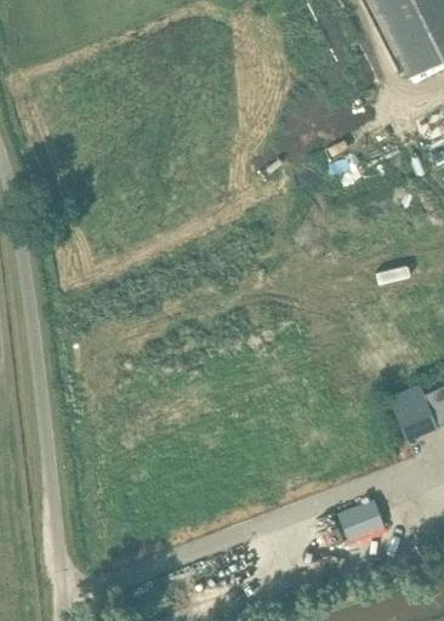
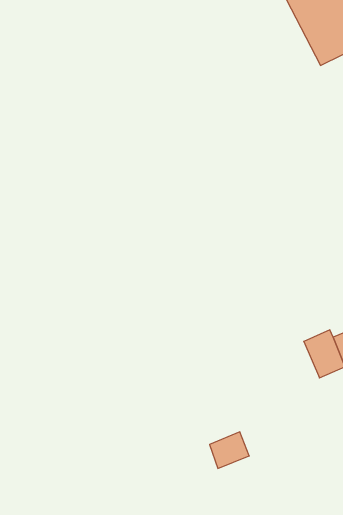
building: [336,498,382,541] -> [210,432,249,468]

